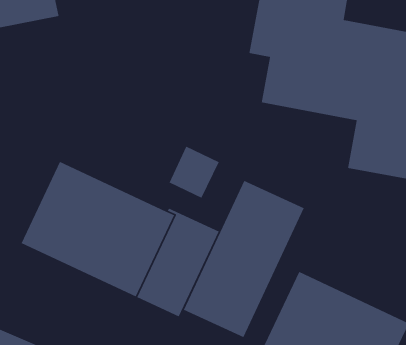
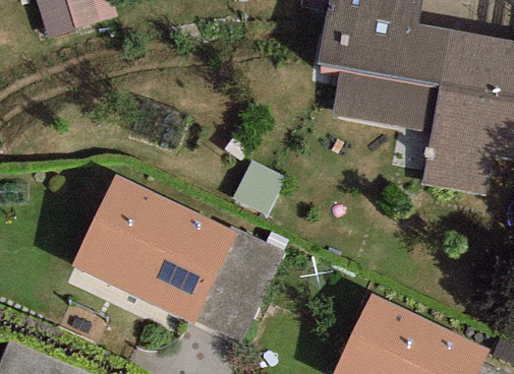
building: [183,180,305,338] -> none

